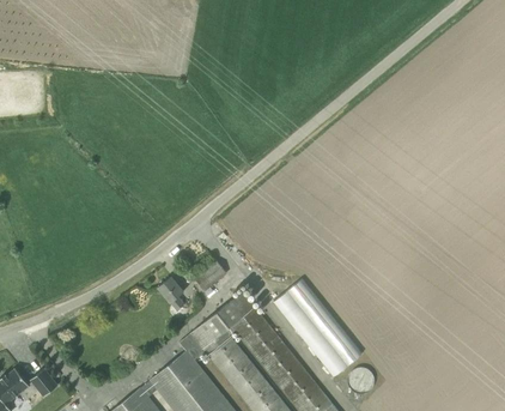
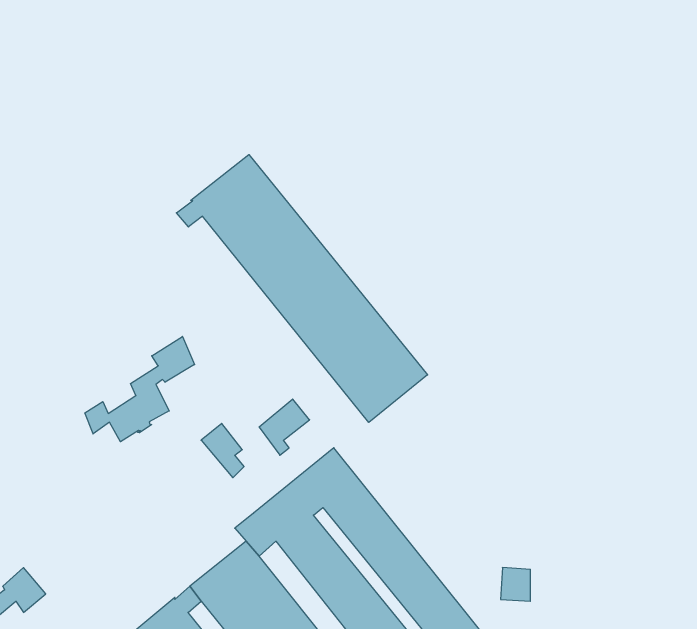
building: none -> [176,155,428,422]
building: none -> [85,336,195,442]
building: [273,276,363,377] -> none

